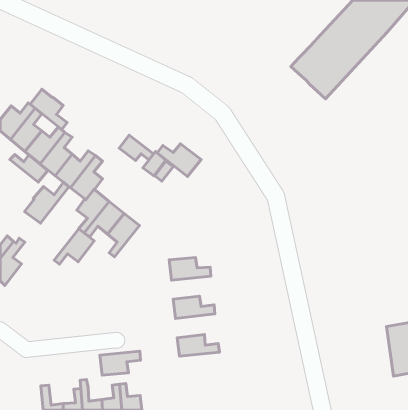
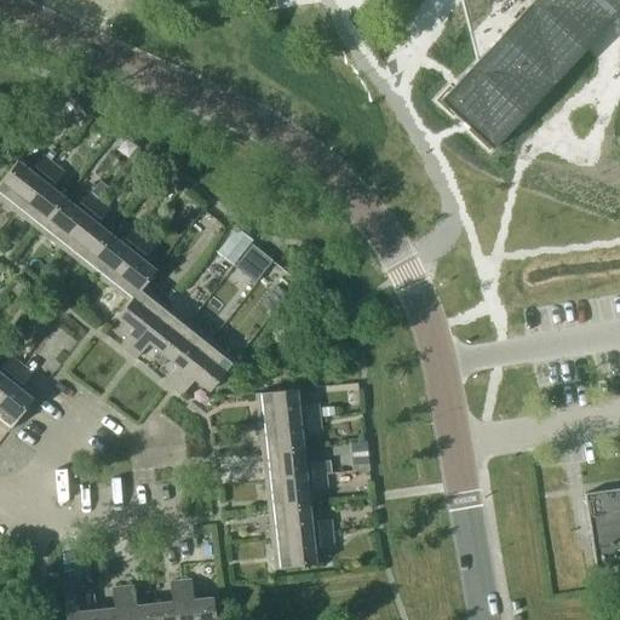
building: [30,89,67,129] -> none
building: [119,135,153,161] -> none
building: [157,144,201,176] -> none
building: [10,154,48,182] -> none
building: [25,182,69,223] -> none
building: [54,229,94,264] -> [176,340,236,394]
building: none -> [262,417,322,452]
building: none -> [268,473,329,510]
building: [100,351,141,375] -> [274,532,335,568]

